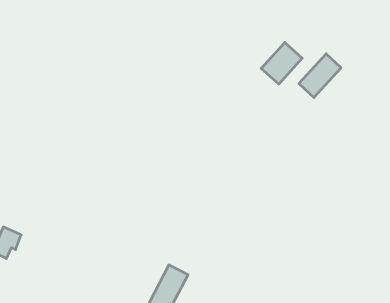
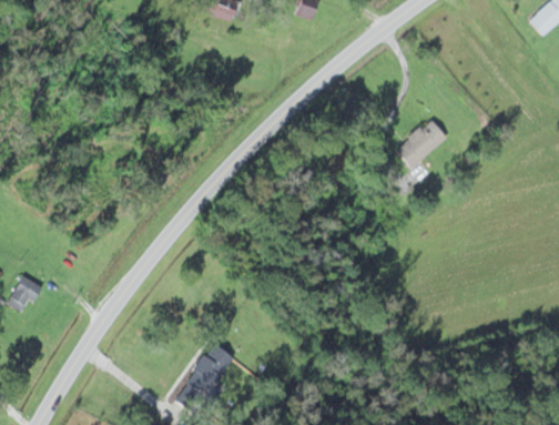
building: [261,42,302,84] -> none

